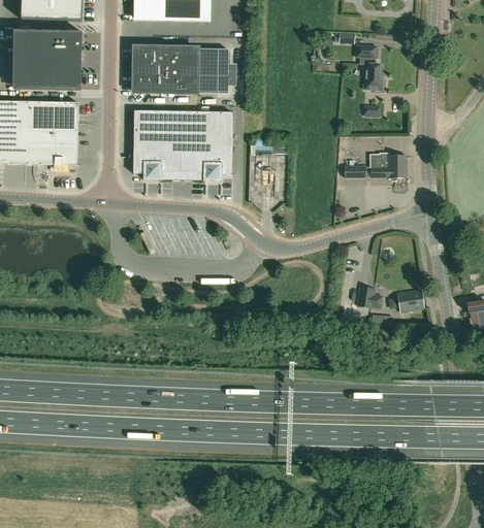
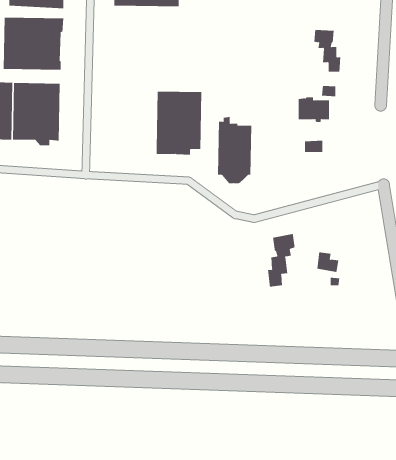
building: [133,46,227,93] -> none
building: [132,109,183,179] -> none
building: [370,152,406,179] -> [298,97,330,123]
building: none -> [268,233,295,288]
building: [396,288,423,311] -> none

